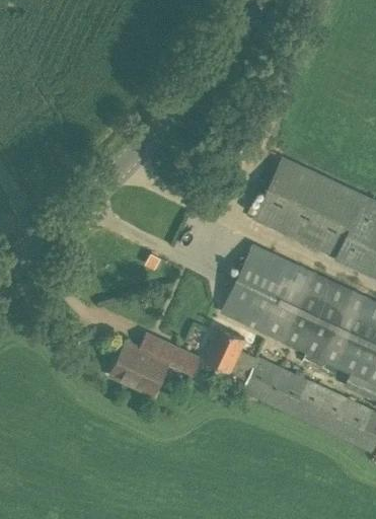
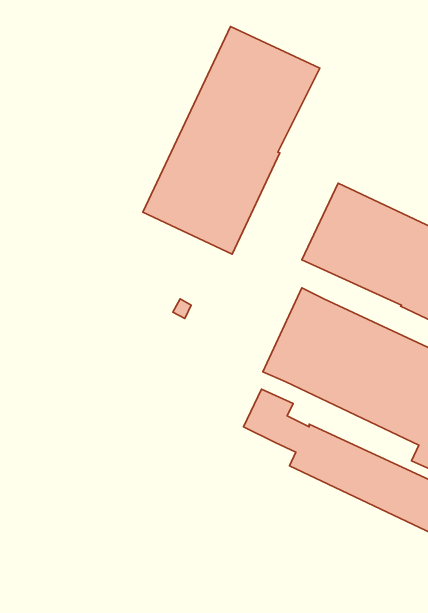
building: none -> [143,26,320,254]
building: [110,331,202,395] -> none

